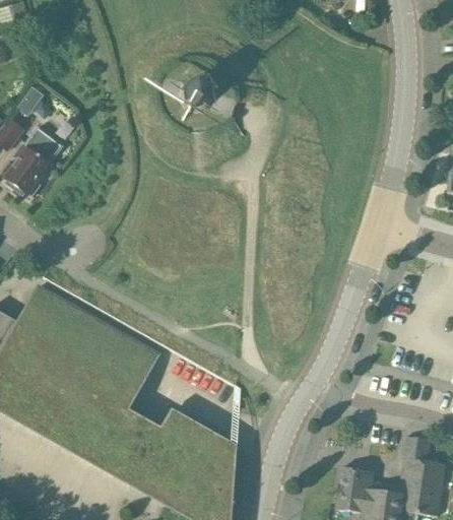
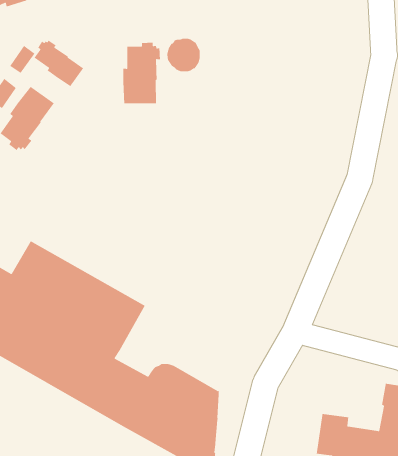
building: none -> [33,39,84,87]
building: none -> [123,42,161,104]

